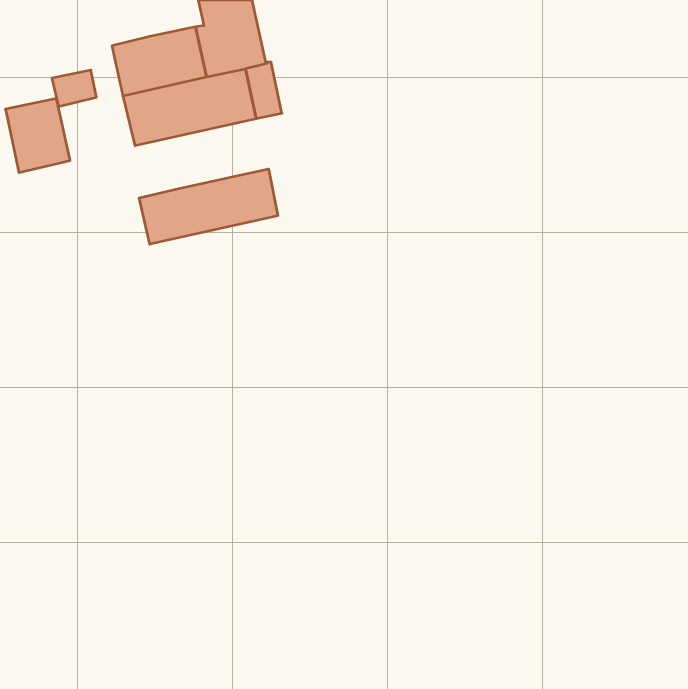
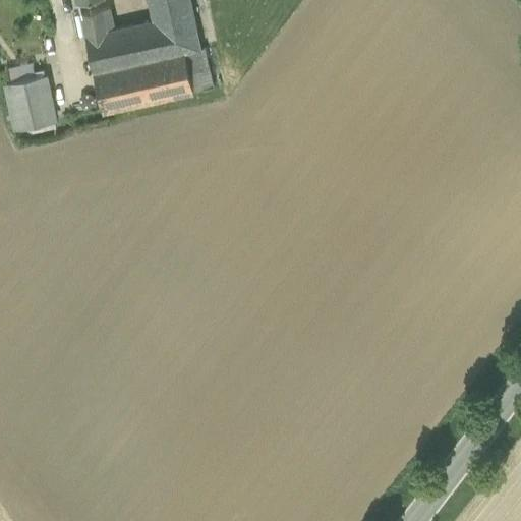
building: [52,70,96,106] -> [79,7,113,35]
building: [139,169,278,244] -> none

